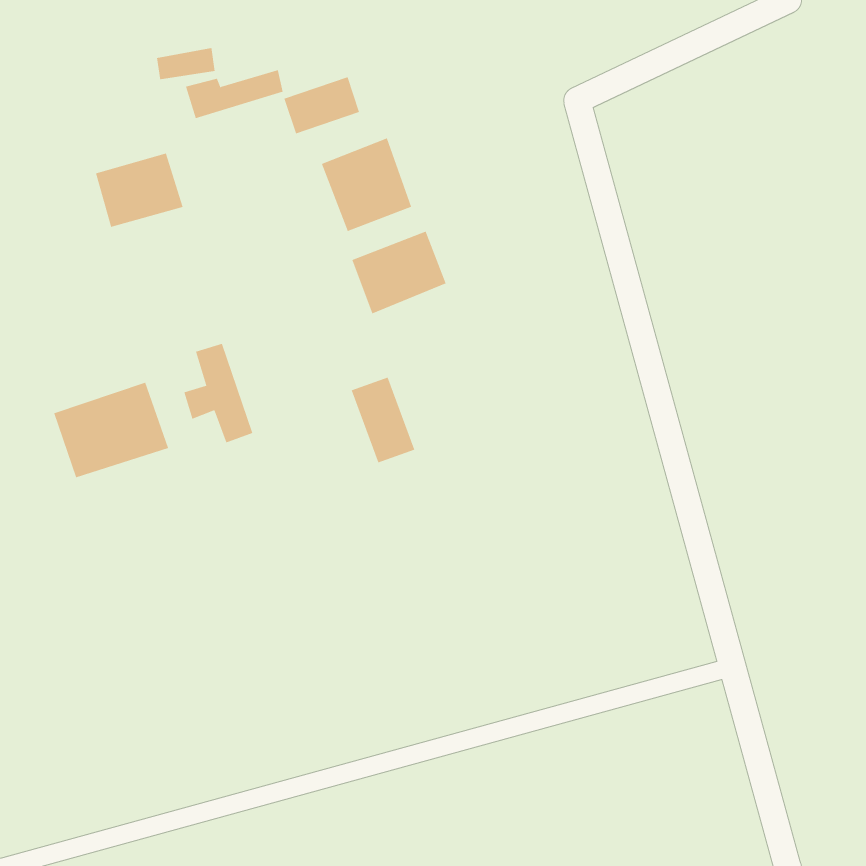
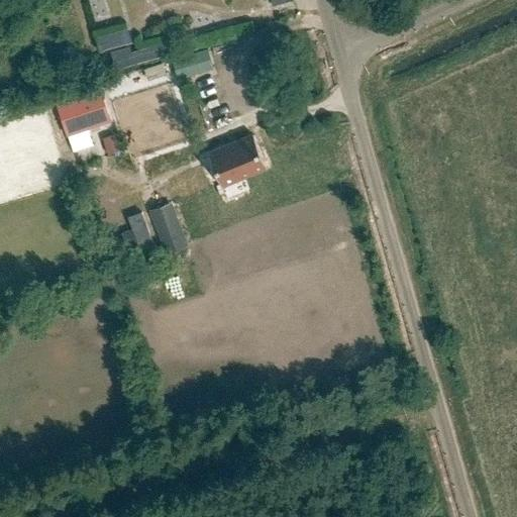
building: [321,138,412,232] -> none
building: [351,377,415,463] -> [150,203,189,254]
building: [54,382,169,478] -> none

